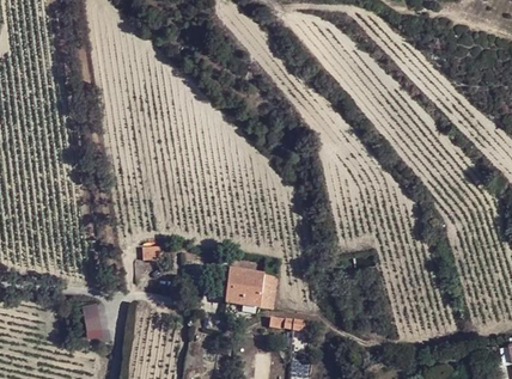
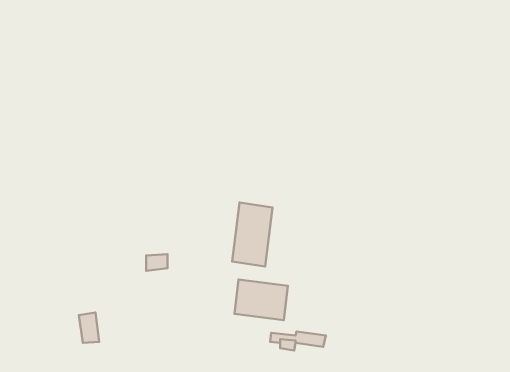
building: none -> [232,203,273,267]

